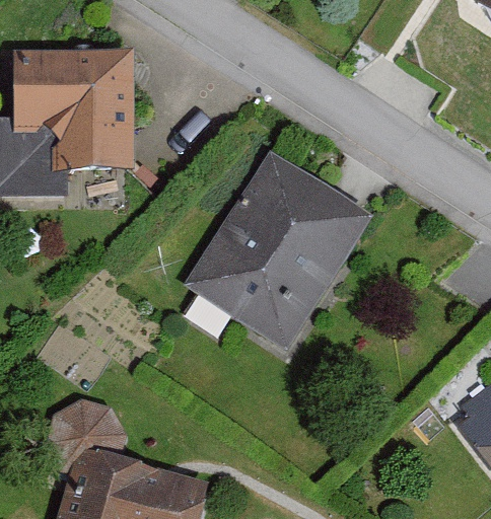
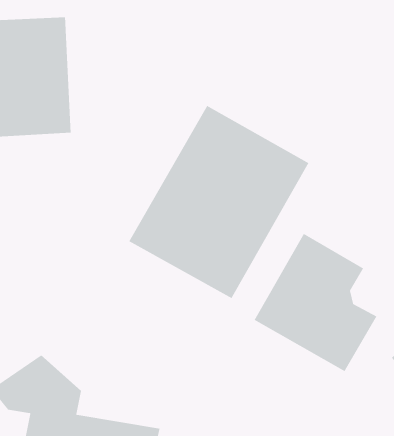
building: none -> [254,233,377,372]

